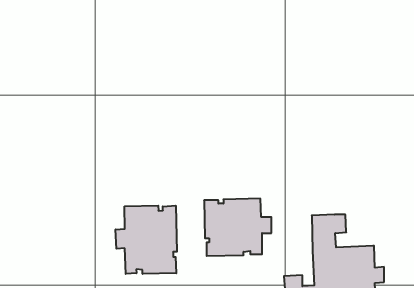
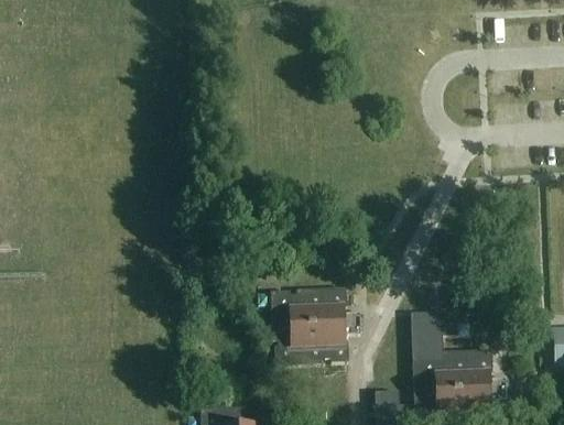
building: [116,206,177,274] -> none

